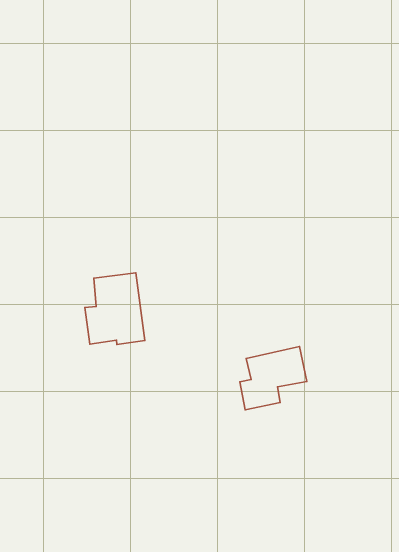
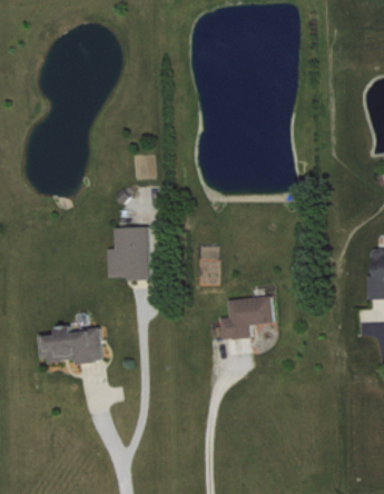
building: none -> [38,325,102,364]

